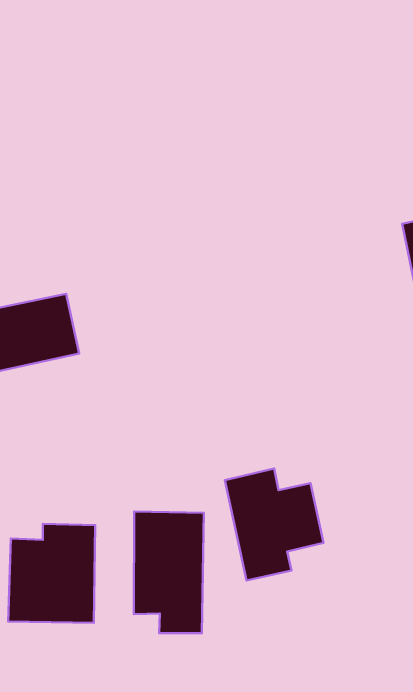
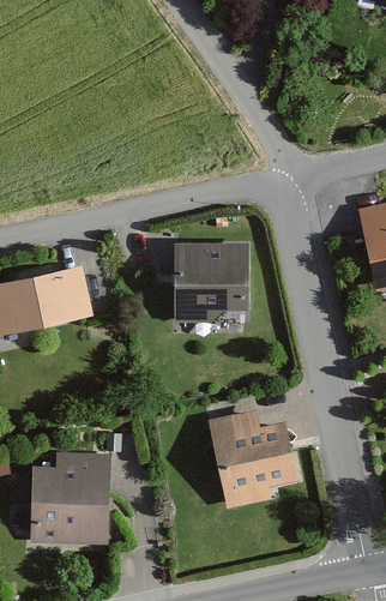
building: none -> [173,242,249,320]
building: [134,511,204,633] -> none

